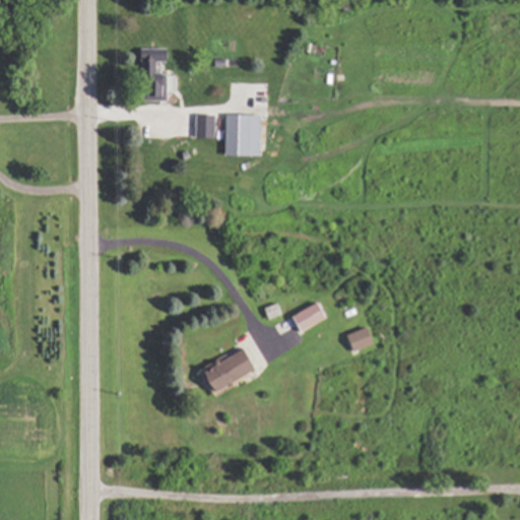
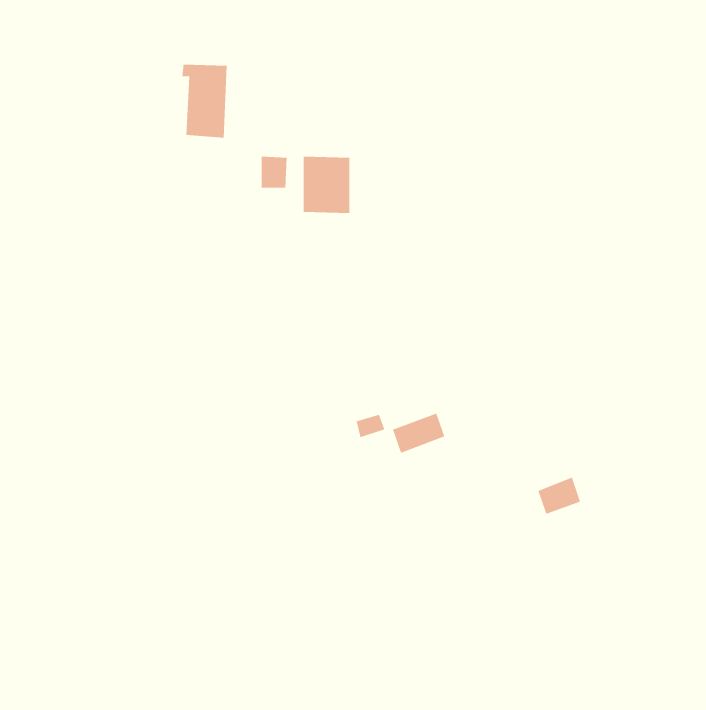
building: [345,324,377,351] -> [538,477,581,515]
building: [198,350,252,392] -> none

